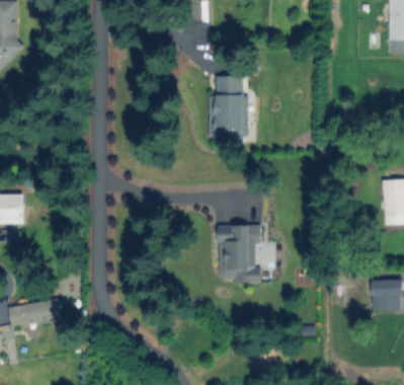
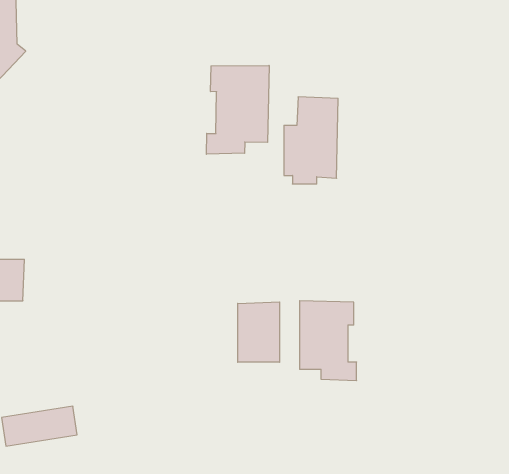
building: none -> [206,65,269,154]
building: none -> [238,302,280,362]

